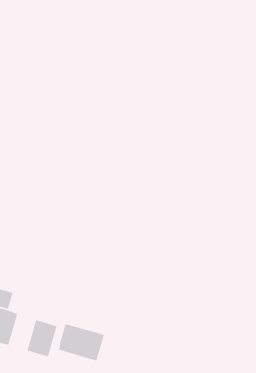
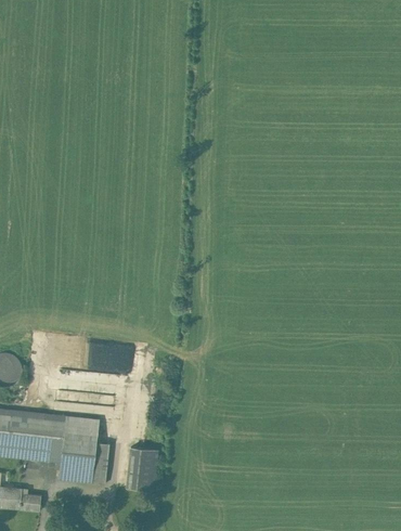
building: [58,323,105,361] -> none

